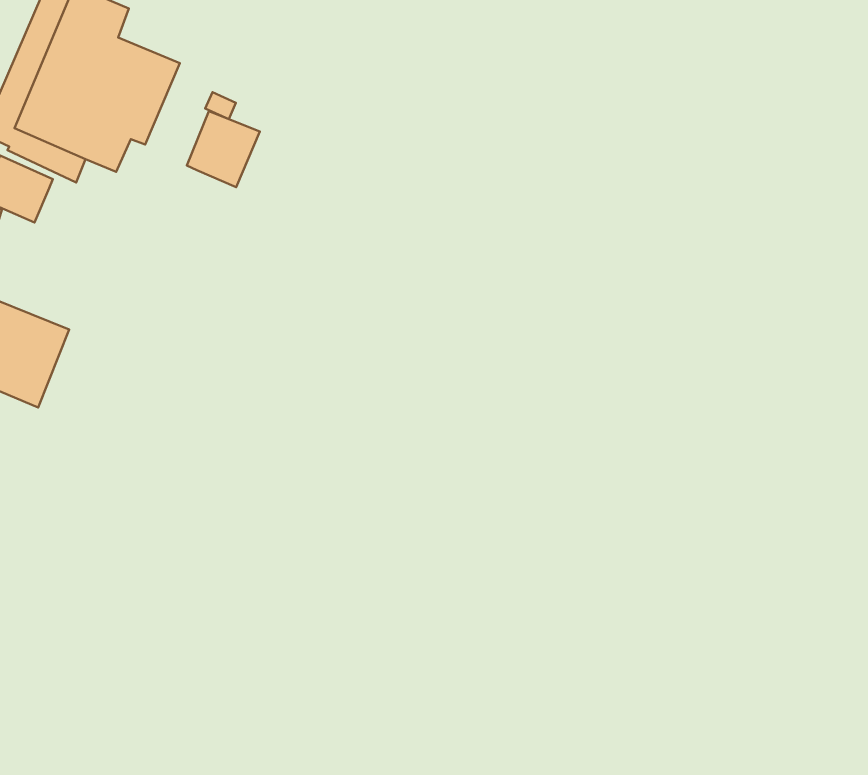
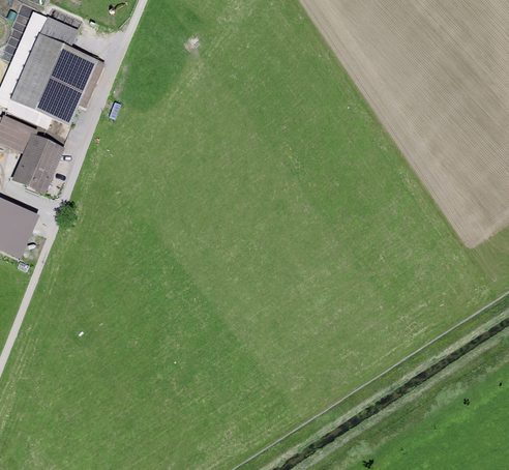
building: [187,111,260,187] -> none
building: none -> [10,133,62,192]

